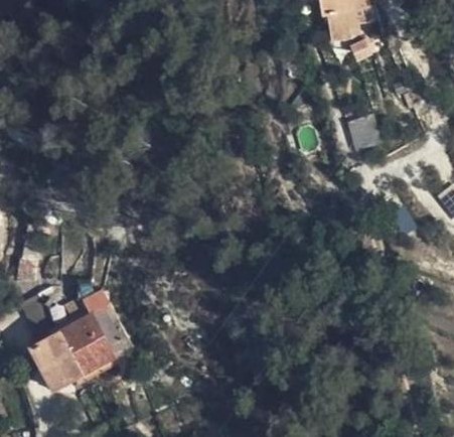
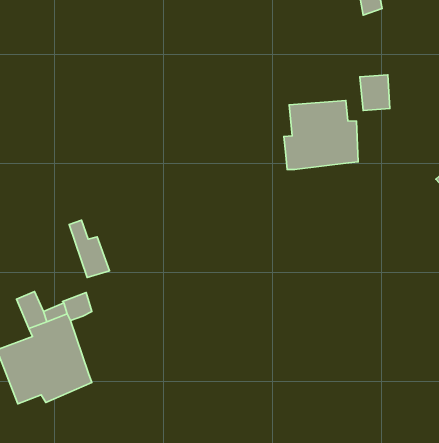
building: none -> [284,100,358,169]
building: [92,322,128,374] -> [69,220,109,277]

